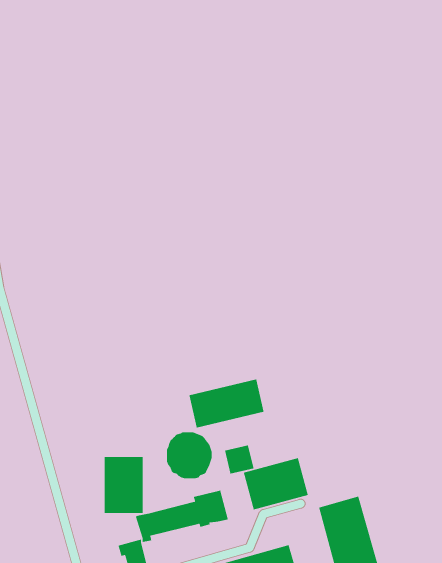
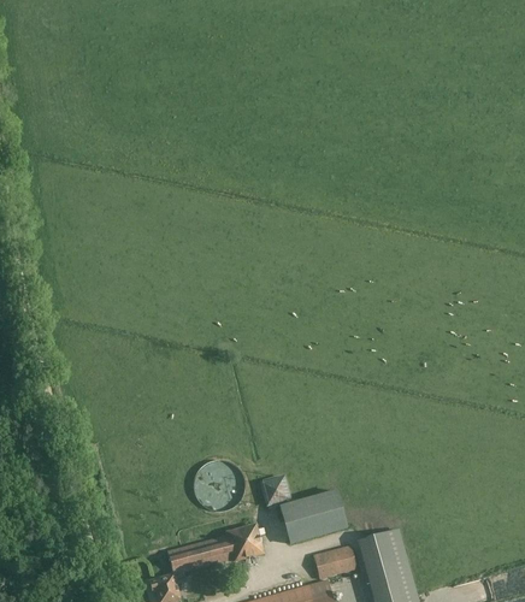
building: [188,379,265,429] -> none
building: [104,456,143,514] -> none
building: none -> [312,547,355,579]

